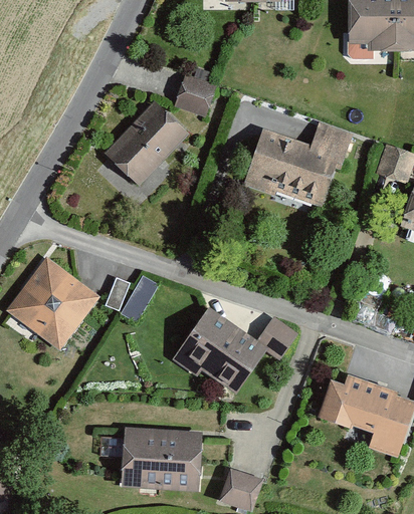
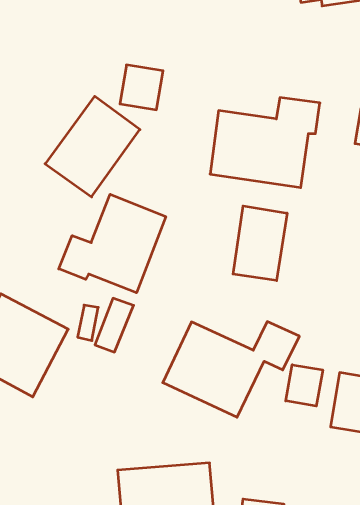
building: none -> [59,194,166,293]
building: none -> [233,206,287,281]
building: none -> [286,365,323,406]

